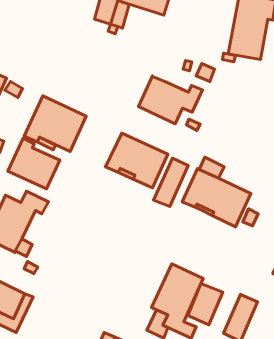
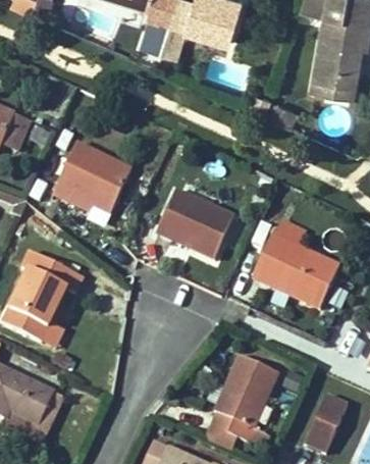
building: [139,76,203,124] -> none
building: [8,138,60,189] -> none
building: [154,158,188,207] -> none
building: [188,284,223,325] -> none

